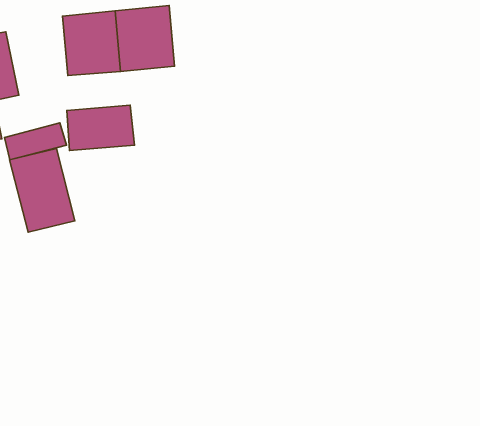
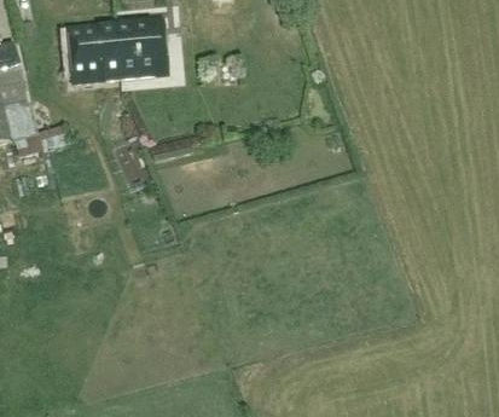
building: [67,105,134,151] -> none
building: [10,149,75,232] -> none

